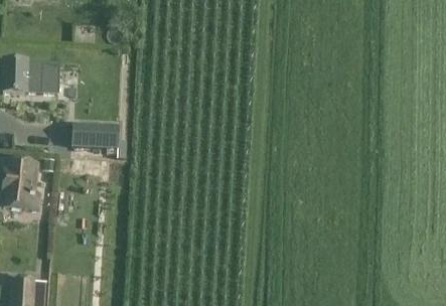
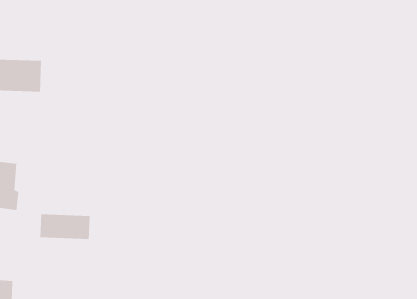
building: [71,122,122,147] -> [40,214,91,239]

